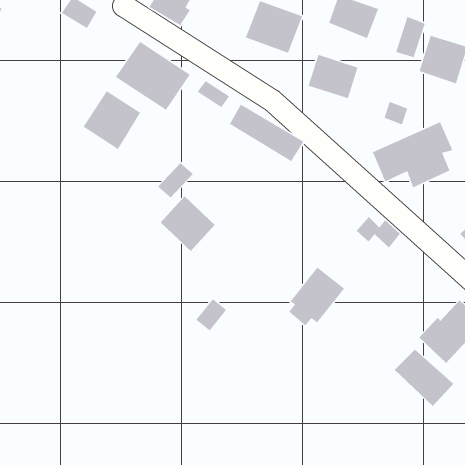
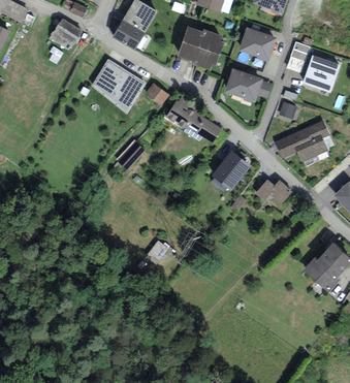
building: [83,90,141,150] -> none
building: [160,196,215,252] -> none
building: [288,267,345,327] -> [210,151,250,193]
building: [394,349,454,407] -> none

